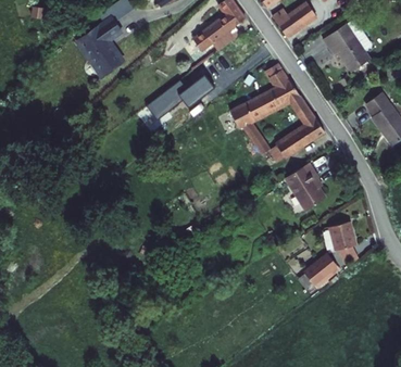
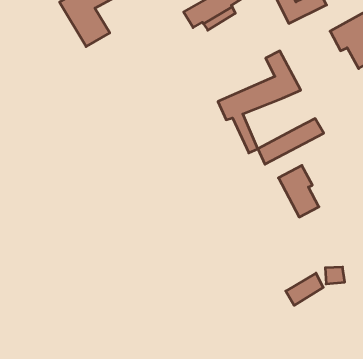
building: [146,74,211,124] -> none
building: [286,96,316,129] -> none
building: [330,223,355,251] -> none

